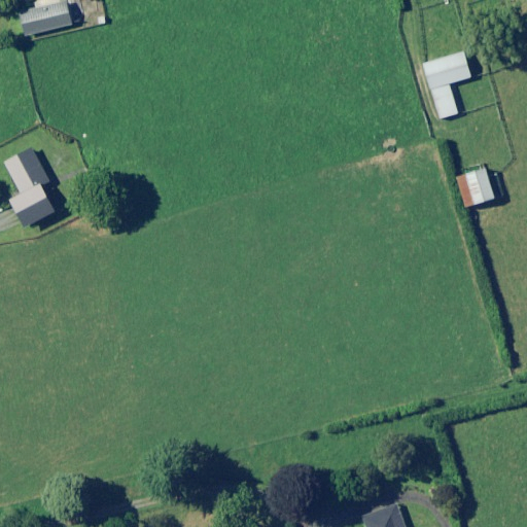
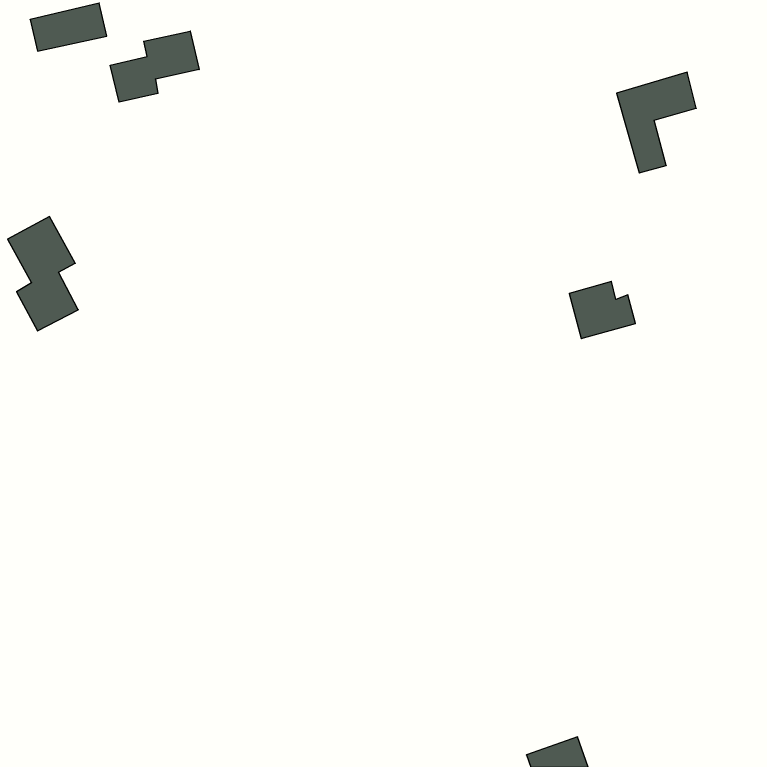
building: none -> [110,31,199,102]
building: [456,168,501,207] -> [569,281,635,339]

